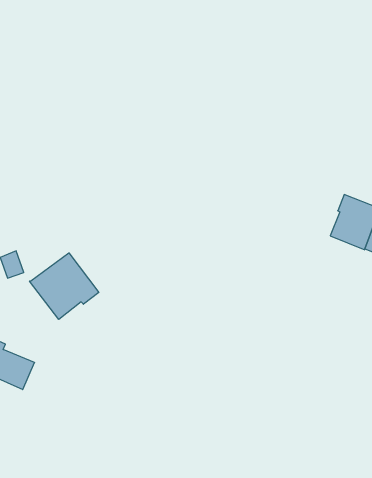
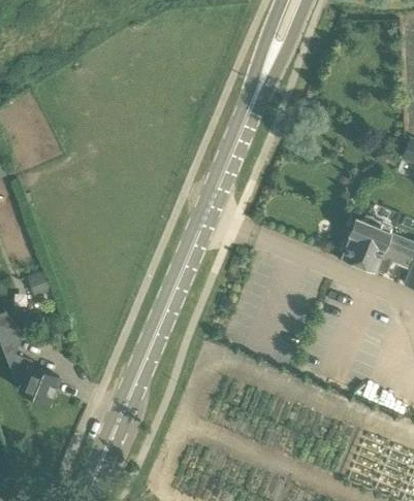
building: [30,253,99,319] -> none

